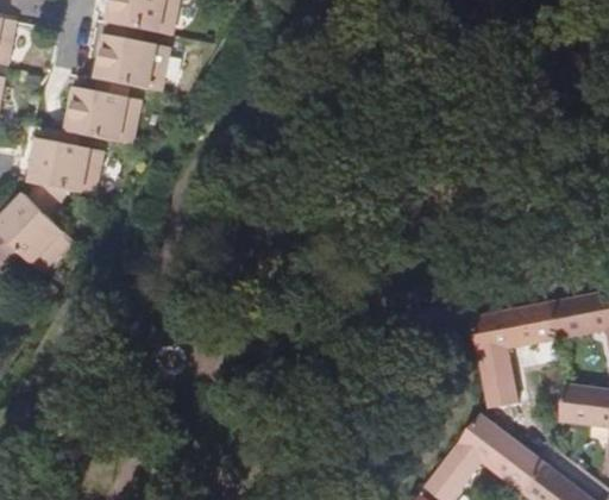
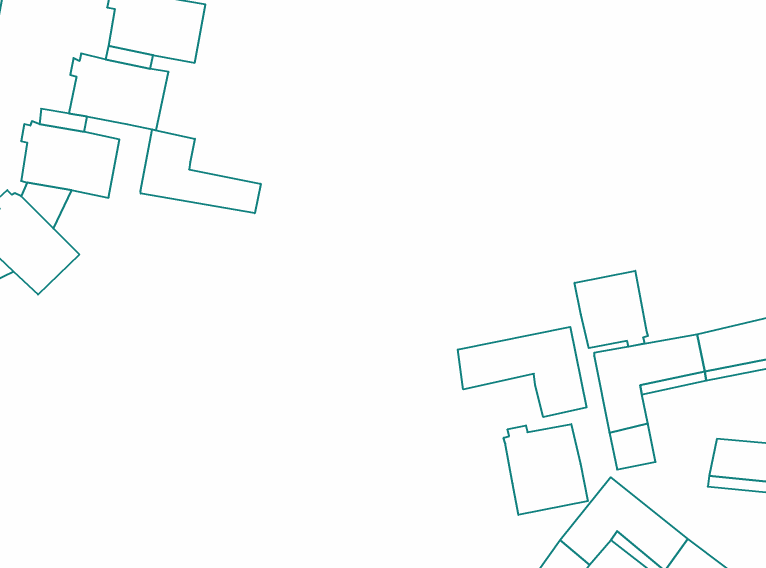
building: none -> [141,129,261,213]
building: none -> [575,271,648,348]
building: none -> [458,327,587,417]
building: none -> [504,424,588,515]

